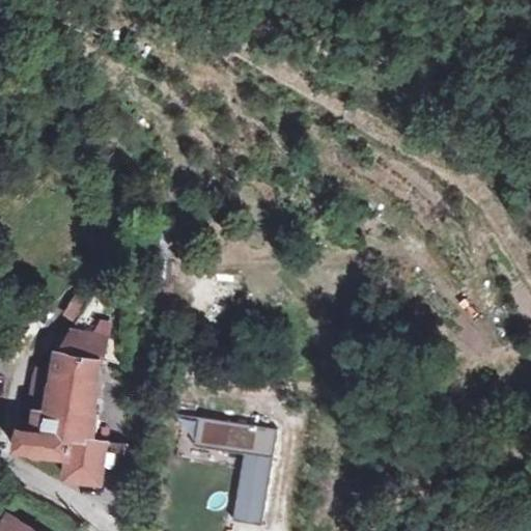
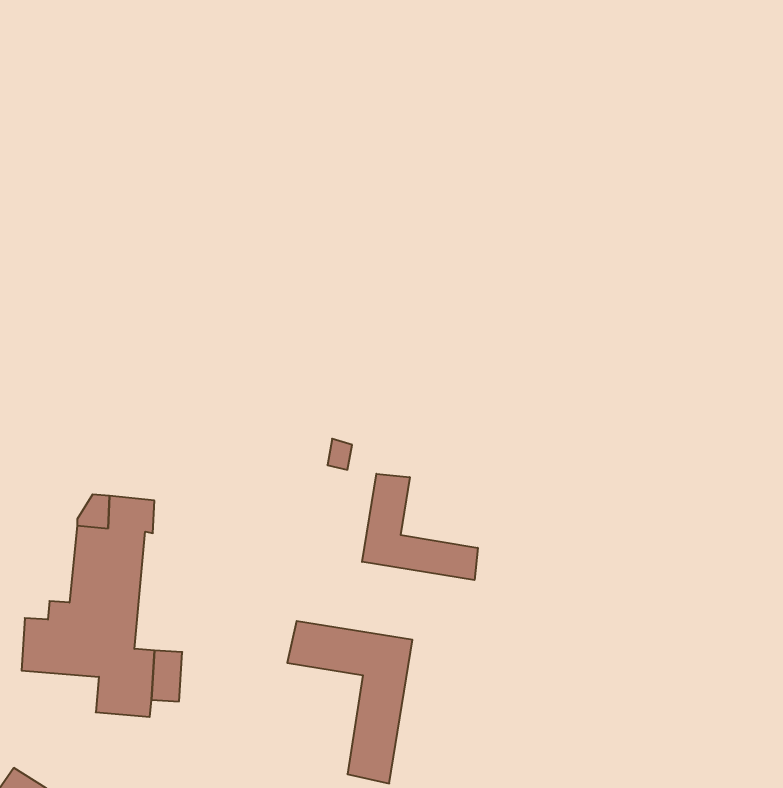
building: none -> [362,474,478,580]

